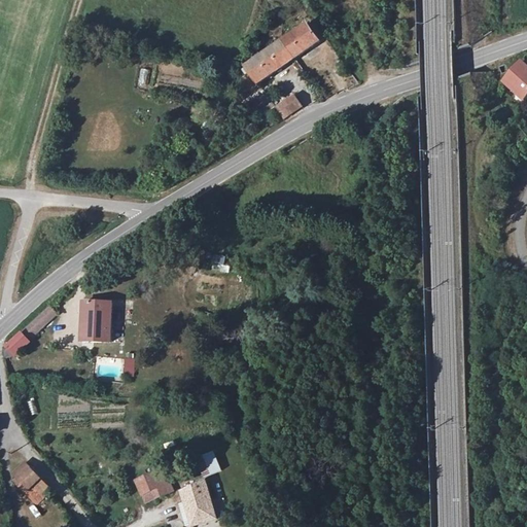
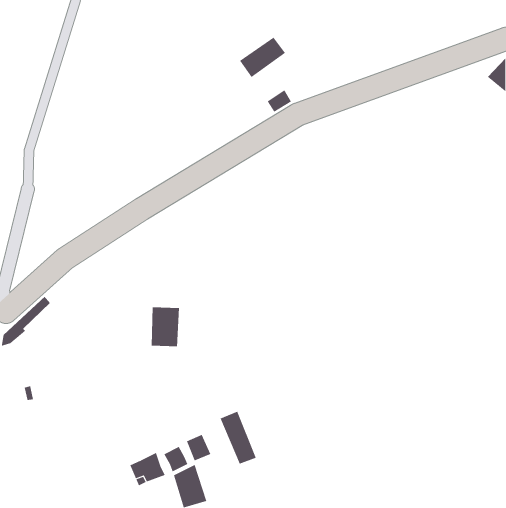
building: [283,21,320,55] -> none
building: [80,300,110,341] -> [151,307,180,347]
building: none -> [220,411,257,464]
building: [11,462,46,500] -> none

